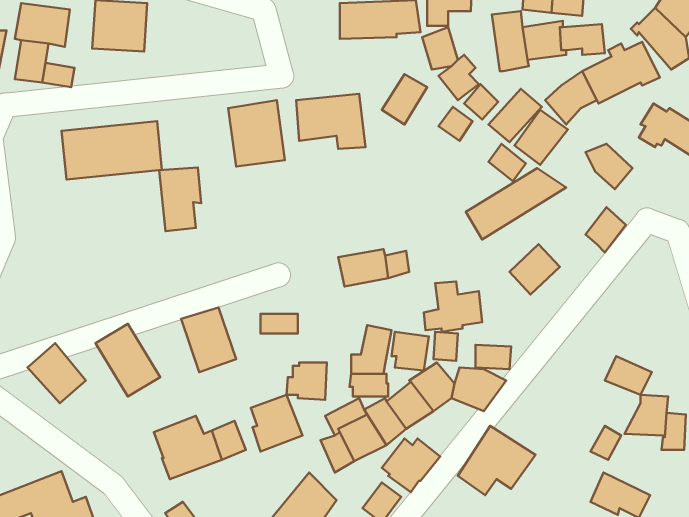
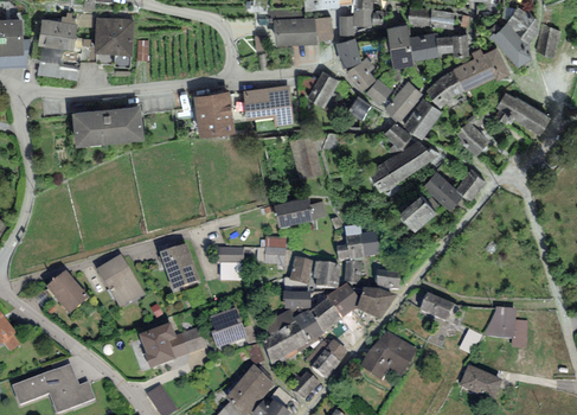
building: none -> [289,136,321,178]
building: [159,167,201,231] -> none
building: none -> [422,172,463,211]
building: [605,356,652,395] -> [419,290,454,319]
building: [286,363,327,400] -> [256,236,286,263]

